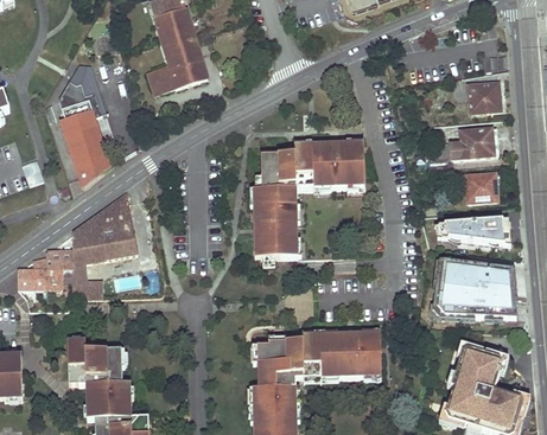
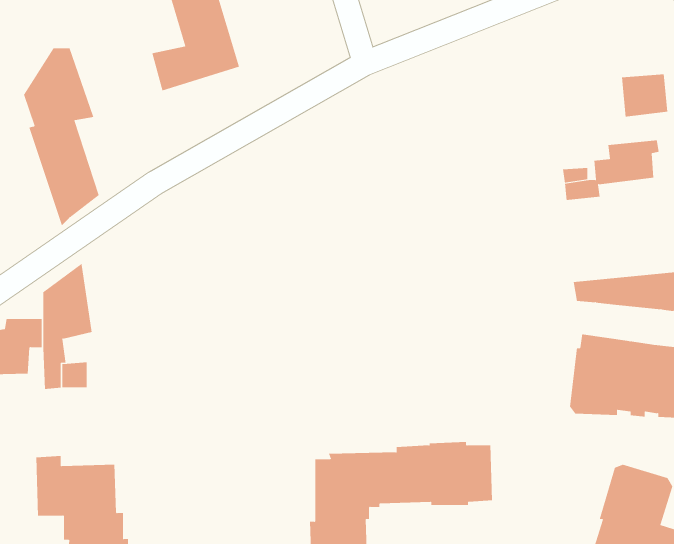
building: [253,141,363,256] -> none
building: [466,171,496,199] -> none
building: [98,188,136,257] -> none

